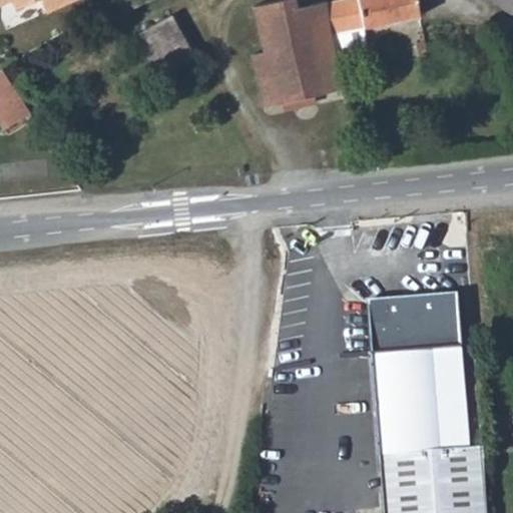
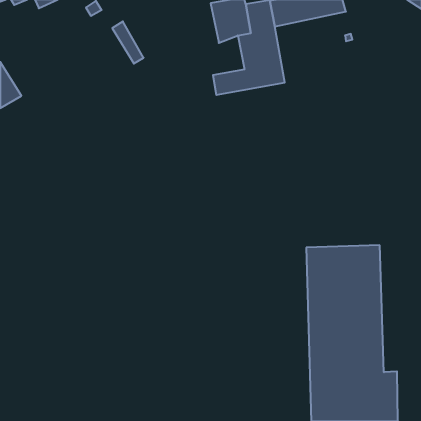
building: [150,13,198,70] -> none
building: [253,43,298,91] -> none

